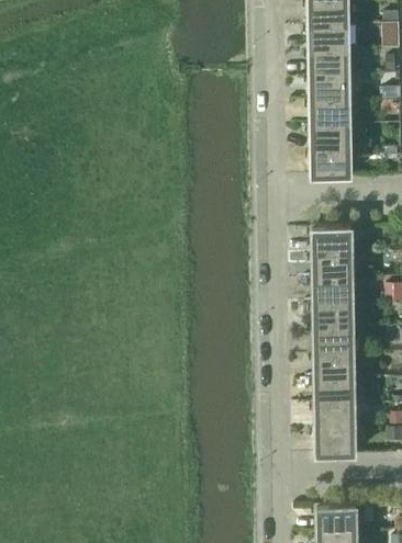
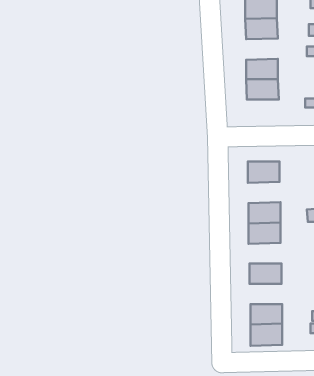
building: [311,77,350,103] -> none
building: [312,152,351,179] -> none
building: [313,254,354,281] -> none
building: [314,330,355,355] -> none
building: [315,381,356,406] -> none

